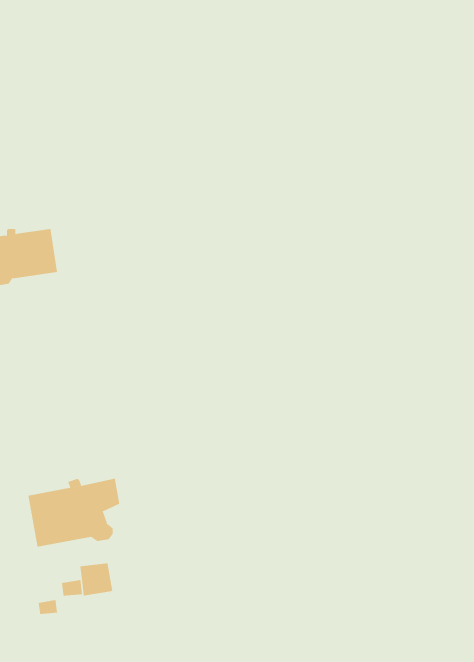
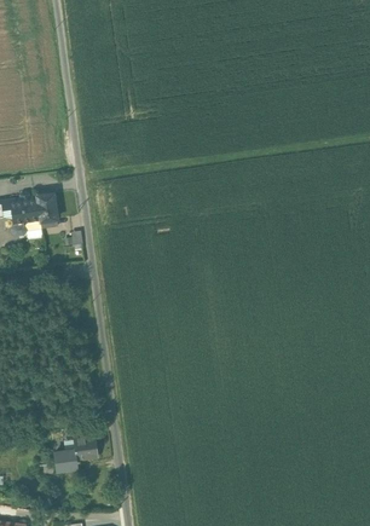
building: [28,478,120,547] -> none

